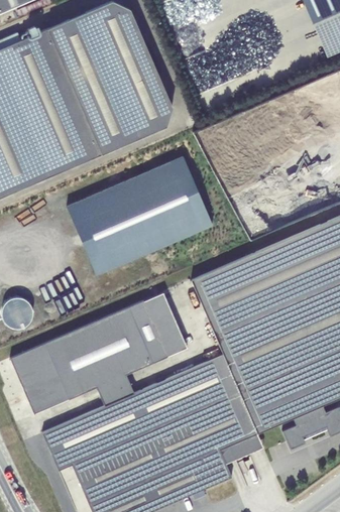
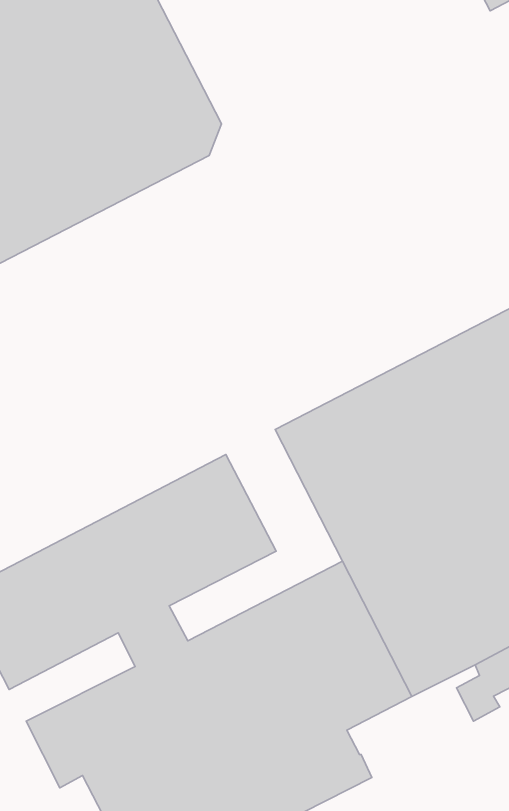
building: [67,156,213,274] -> none
building: [220,432,263,463] -> none

